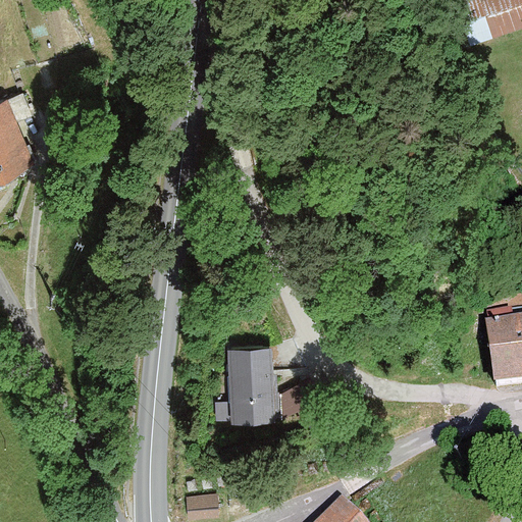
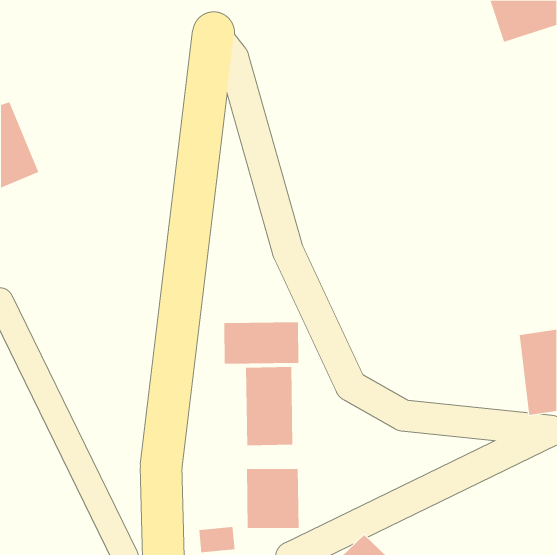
building: none -> [224,322,299,364]
building: none -> [246,468,299,529]

